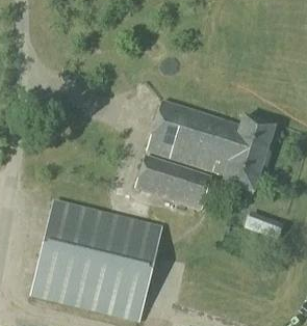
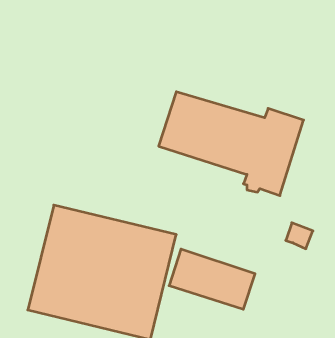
building: [135,155,211,208] -> [169,249,255,309]

